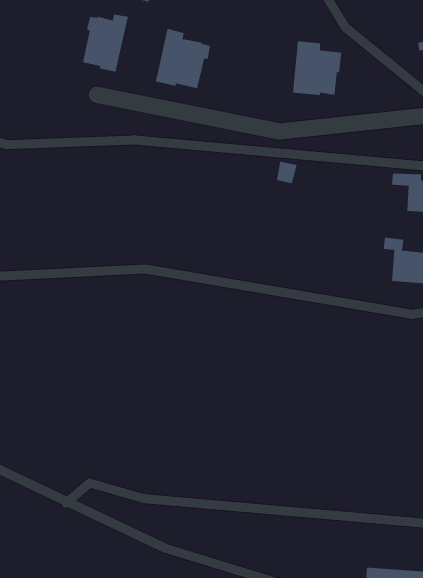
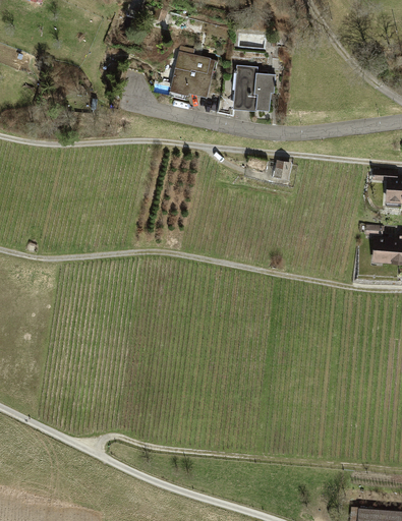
building: [83,14,128,73] -> none
building: [292,41,342,95] -> [233,65,276,112]

